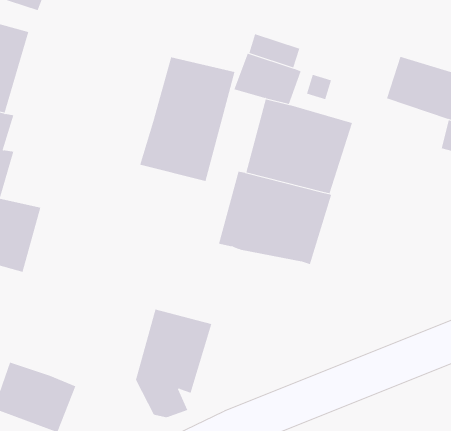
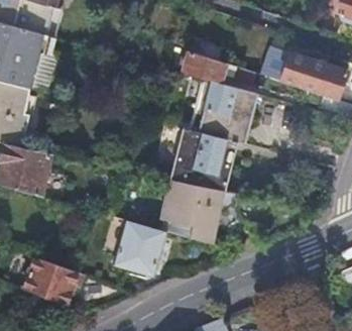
building: [140,57,235,182] -> none
building: none -> [166,178,240,243]

